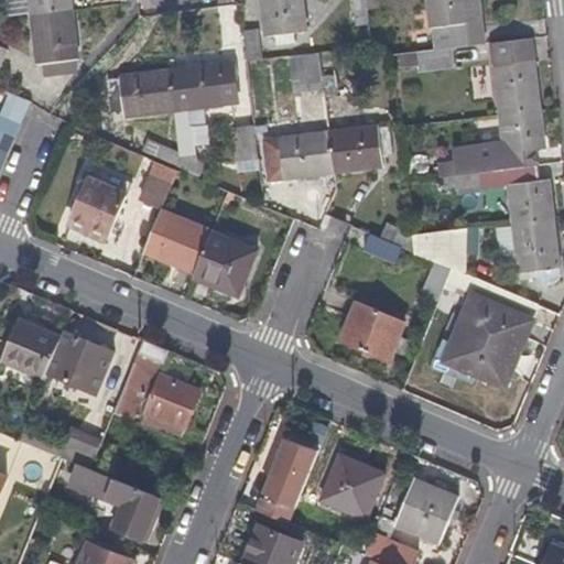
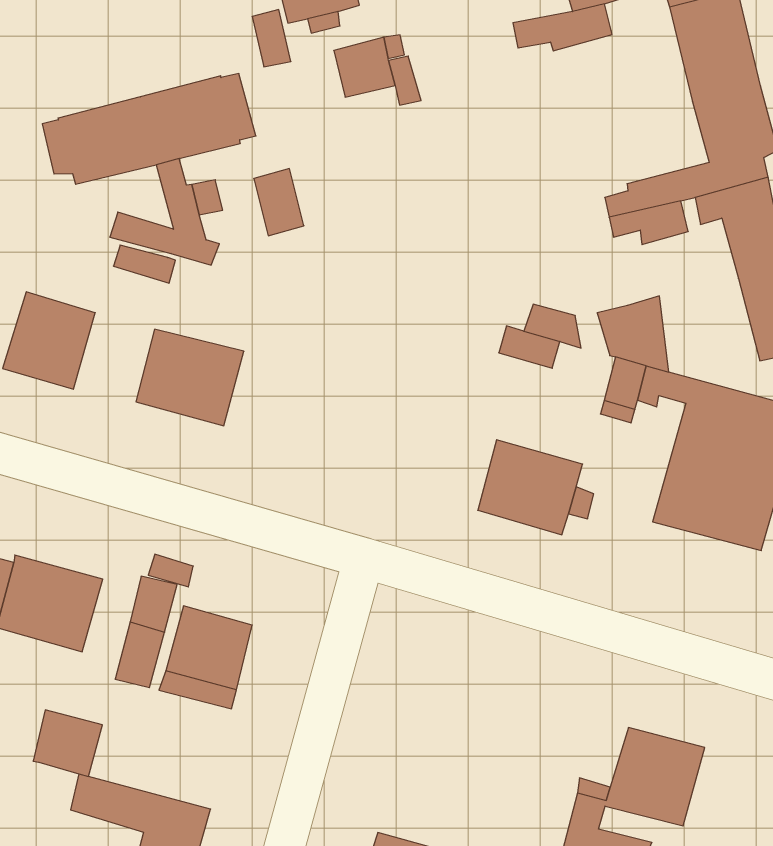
building: [261,124,392,180] -> none
building: [194,228,260,295] -> none
building: [253,441,315,524] -> none
building: [318,455,382,520] -> none

